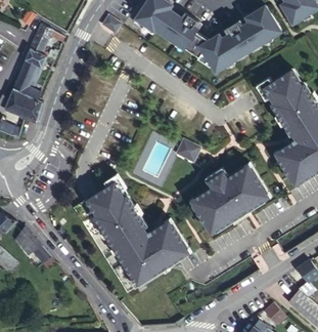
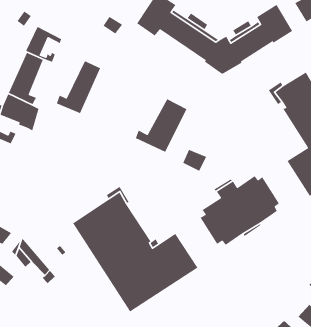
building: none -> [56,60,101,114]
building: none -> [135,98,188,153]

